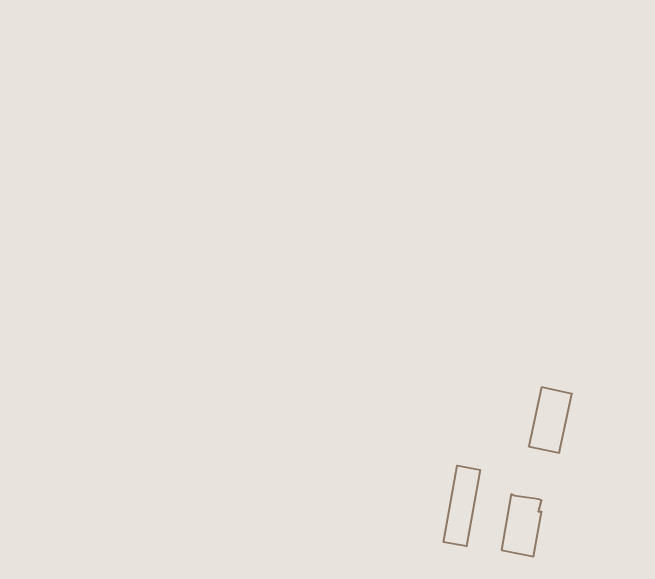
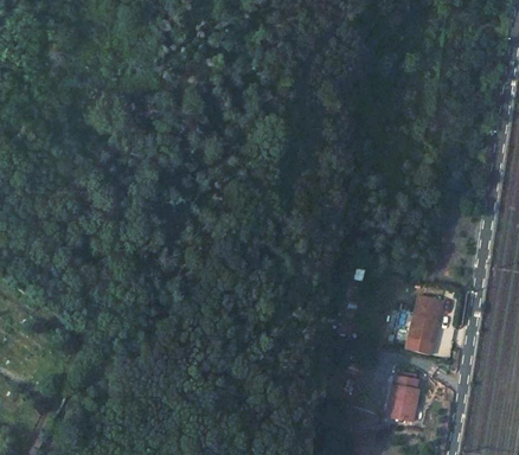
building: [444,466,480,546] -> none

